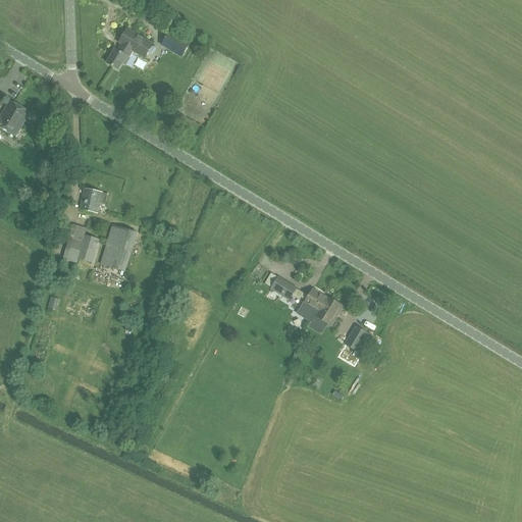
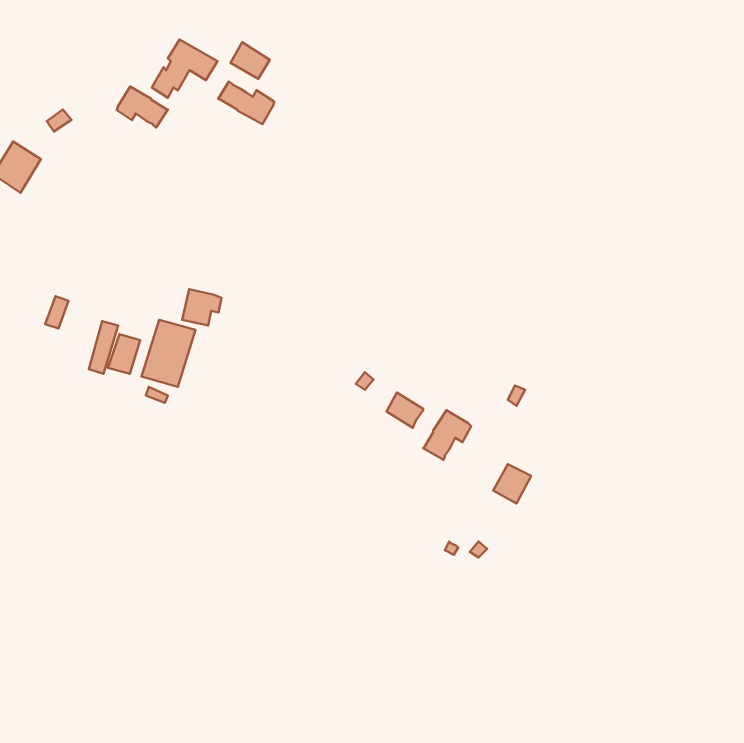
building: none -> [218,82,274,124]
building: none -> [117,87,168,127]
building: [79,187,106,212] -> [182,289,221,326]
building: [311,298,342,326] -> none

